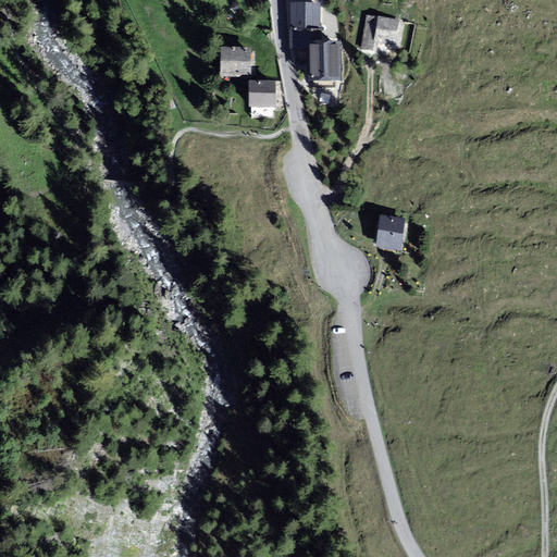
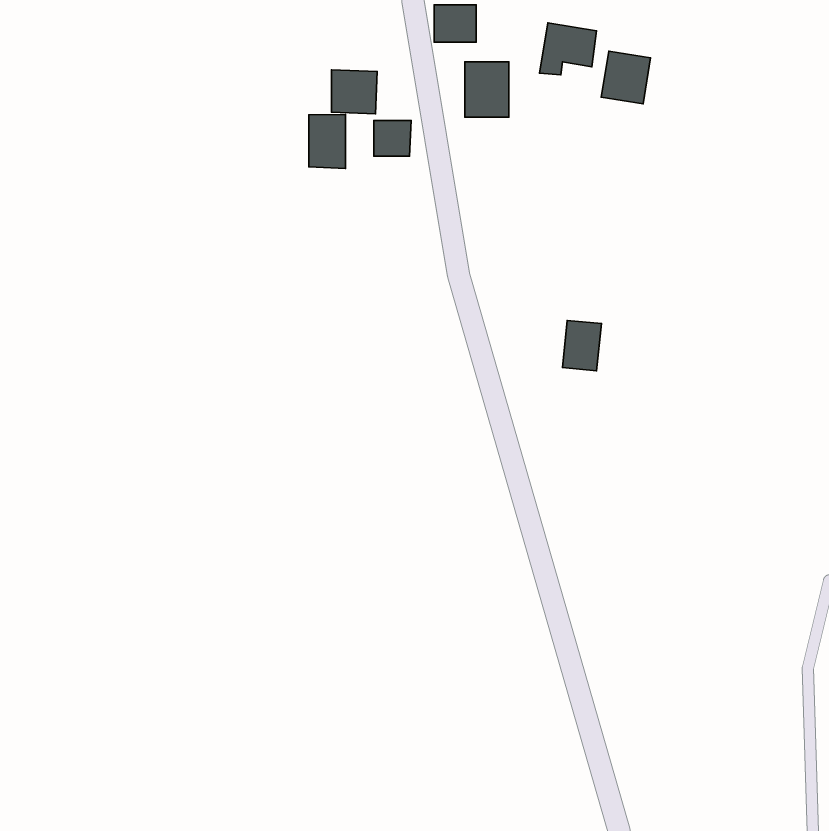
building: none -> [601,51,651,104]
building: none -> [309,115,345,169]

